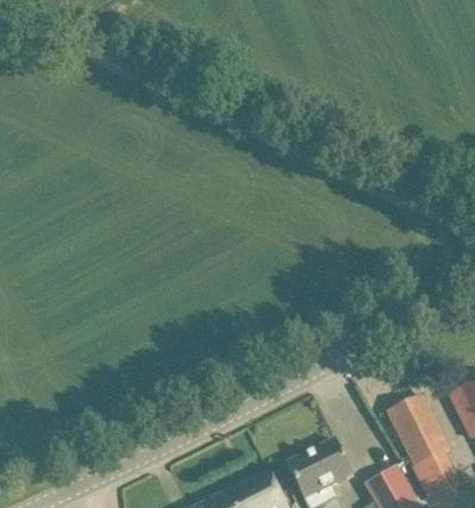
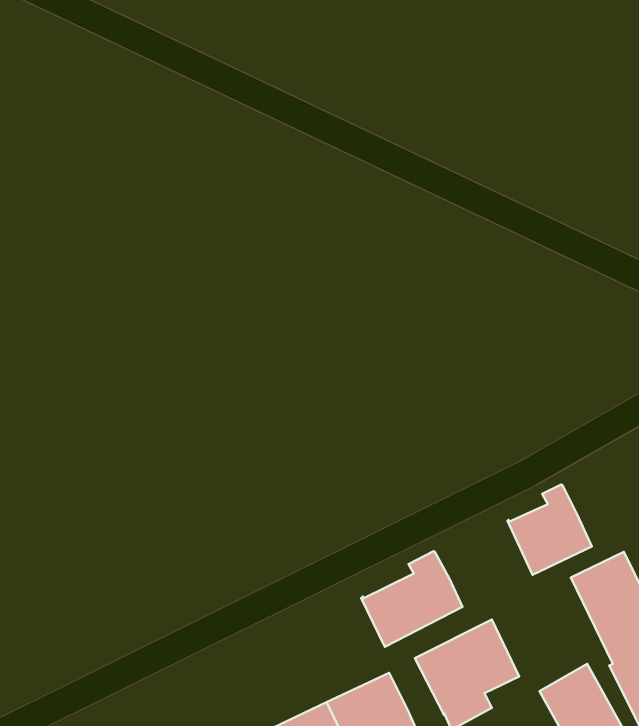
building: none -> [507,484,592,575]
building: none -> [361,551,463,647]

